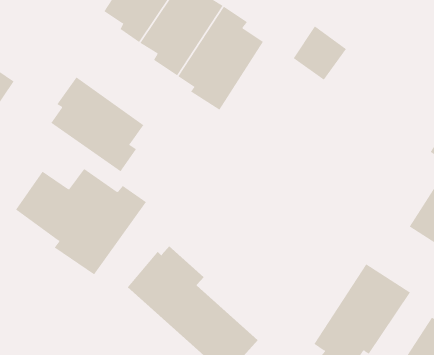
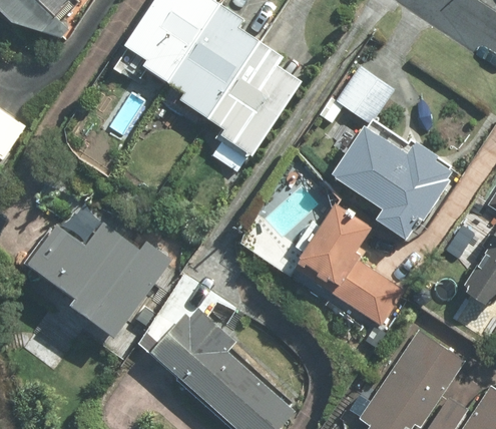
building: [51,77,144,172] -> none
building: none -> [330,127,453,243]
building: none -> [294,204,404,324]

